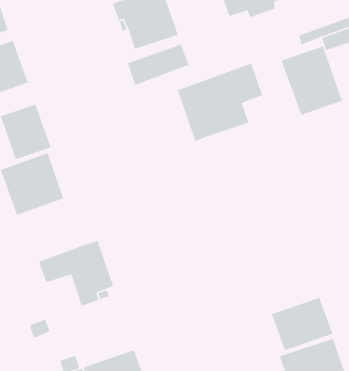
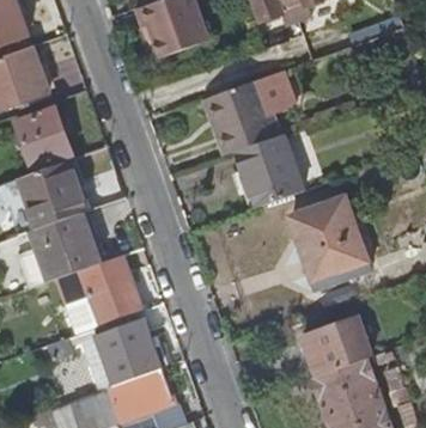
building: [127,43,190,86] -> none
building: [280,45,343,116] -> [235,133,300,207]
building: none -> [286,190,369,289]
building: none -> [29,213,103,282]
building: none -> [95,322,159,387]

